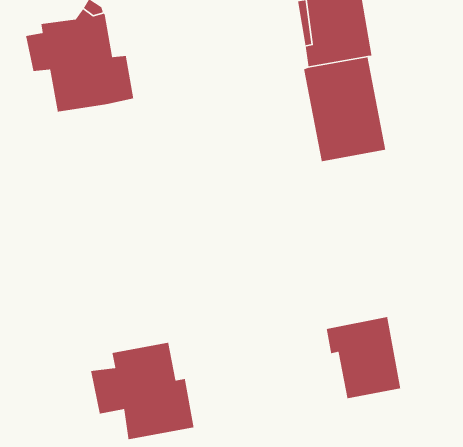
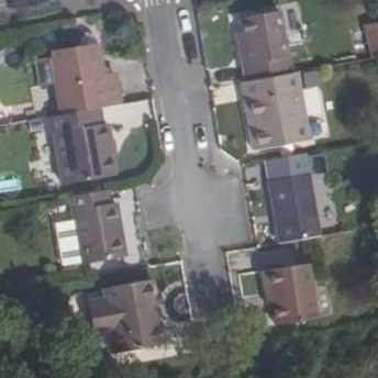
building: none -> [47,107,115,184]
building: none -> [269,170,321,241]
building: none -> [70,190,125,264]

